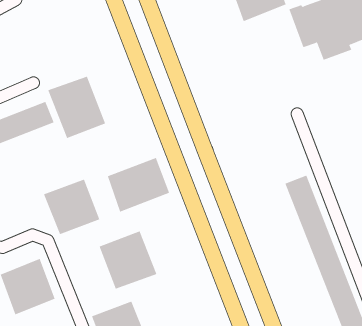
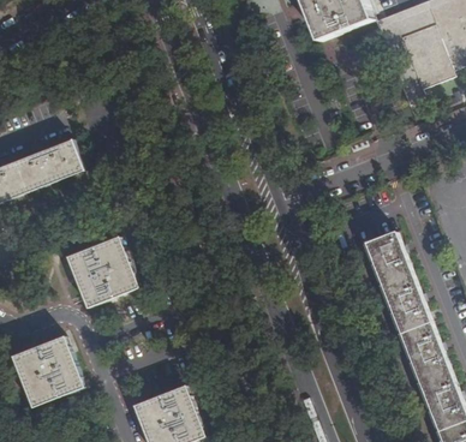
building: [47,76,106,139] -> none
building: [107,157,170,213] -> none
building: [99,231,157,289] -> none

